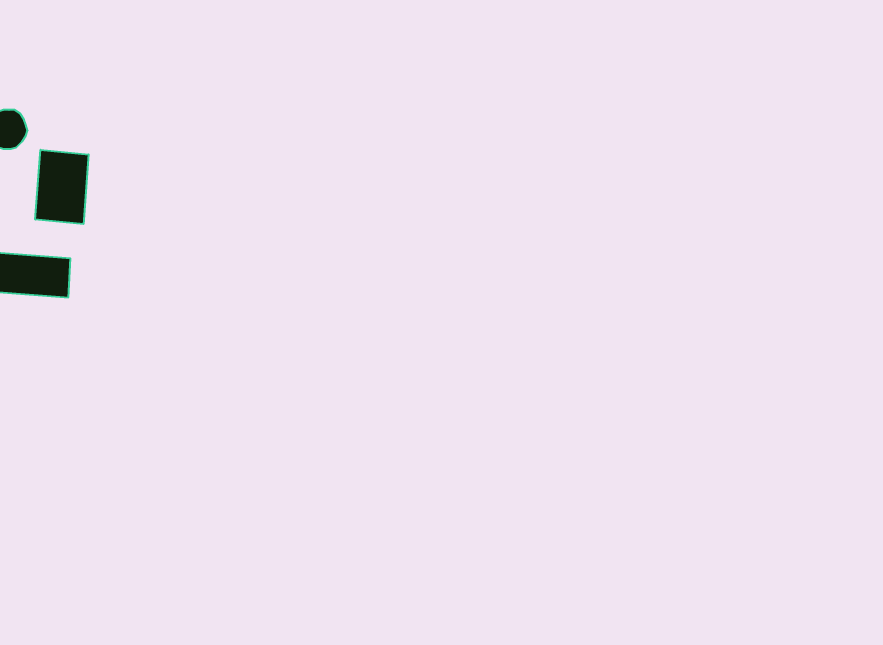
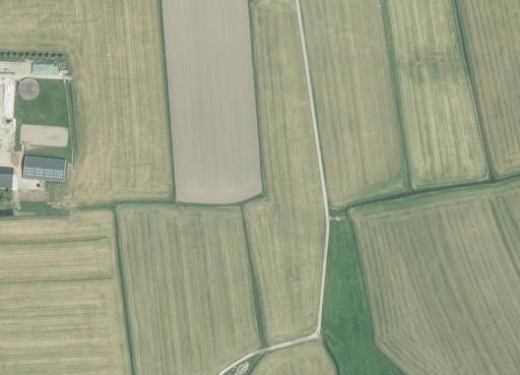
building: [35,150,89,224] -> none

